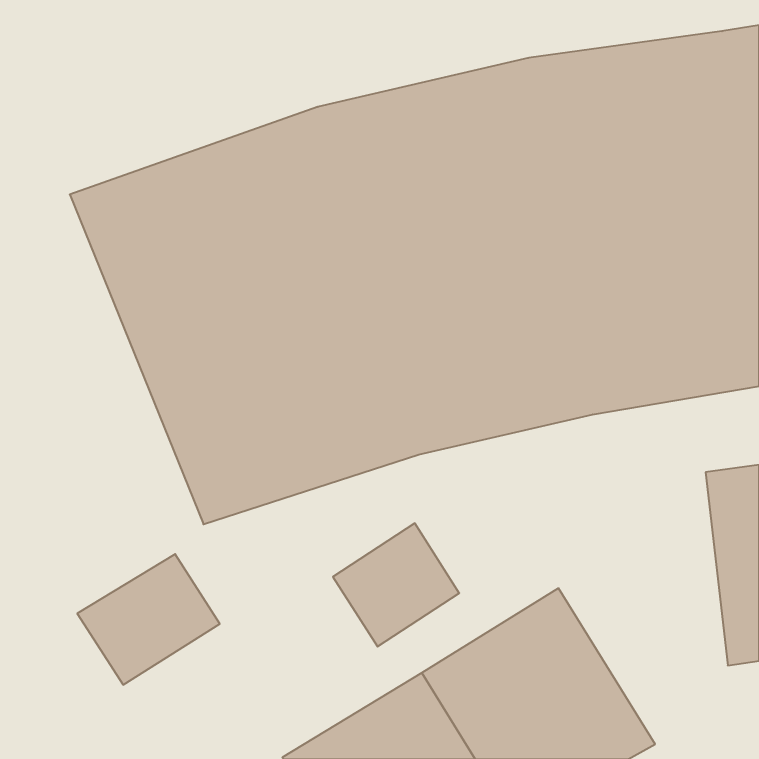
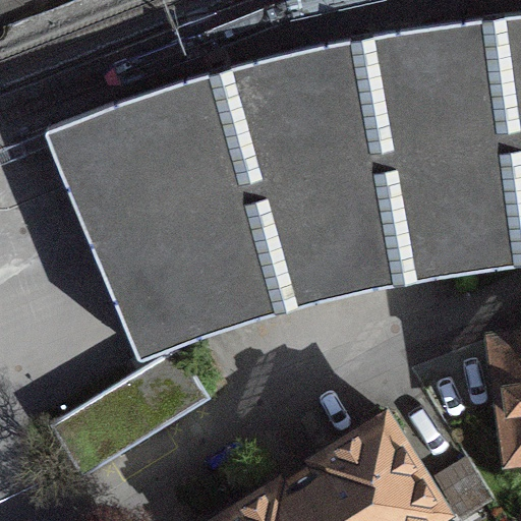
building: [333,523,459,647] -> [120,343,207,427]

